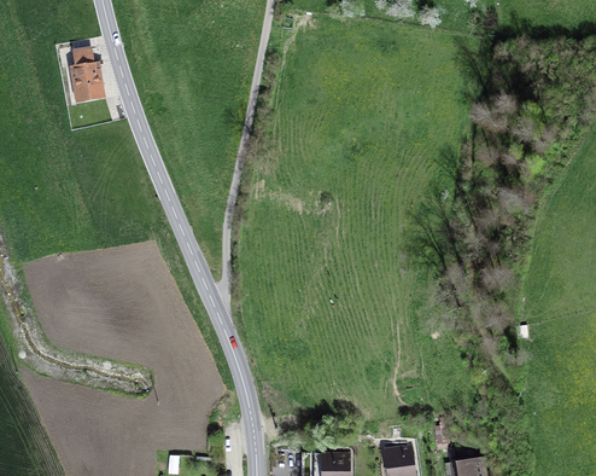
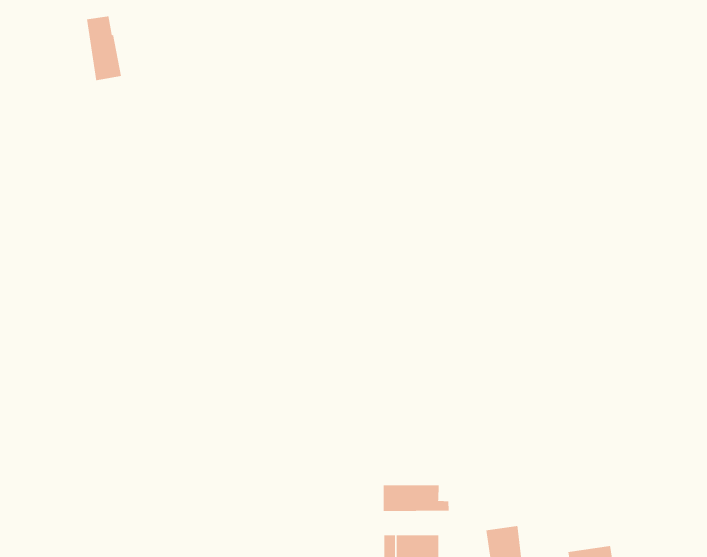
building: none -> [383,485,449,512]

